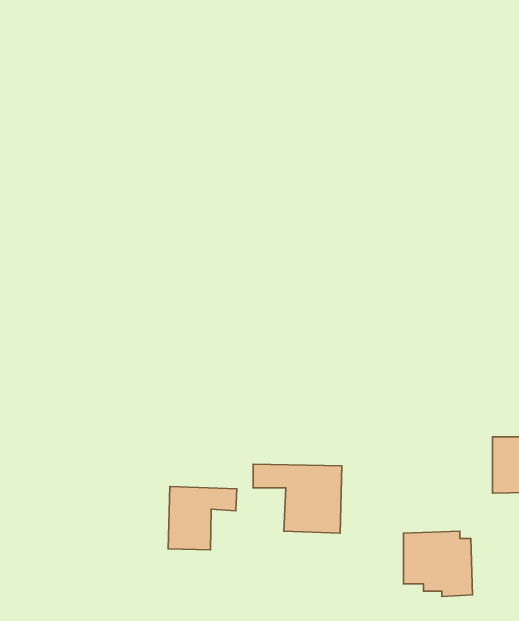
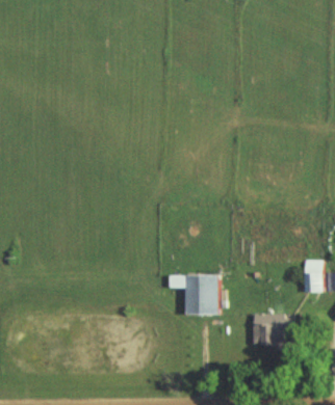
building: [168,487,237,550] -> none

